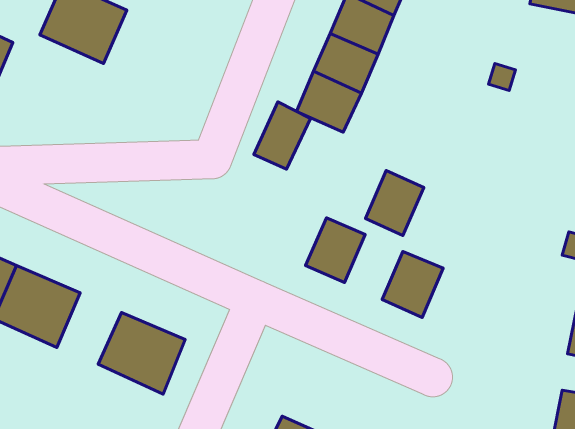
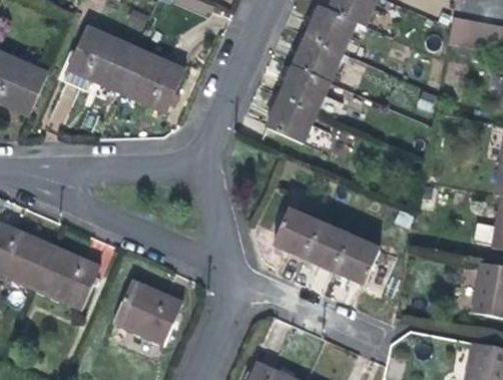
building: none -> [118,47,184,110]
building: [254,102,310,169] -> none
building: [365,171,424,235] -> [305,221,350,271]

